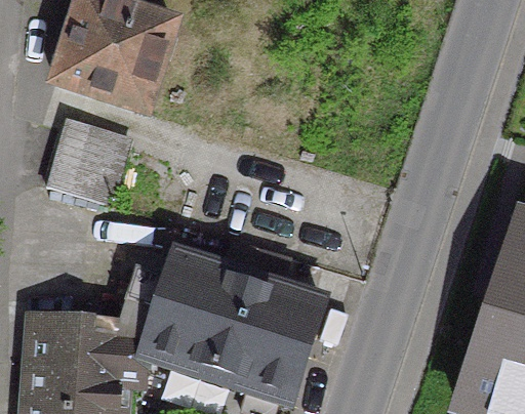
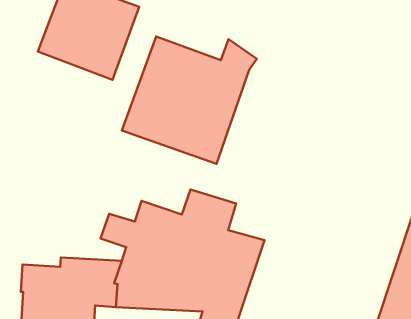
building: none -> [122,37,257,164]
building: [43,119,125,201] -> none

